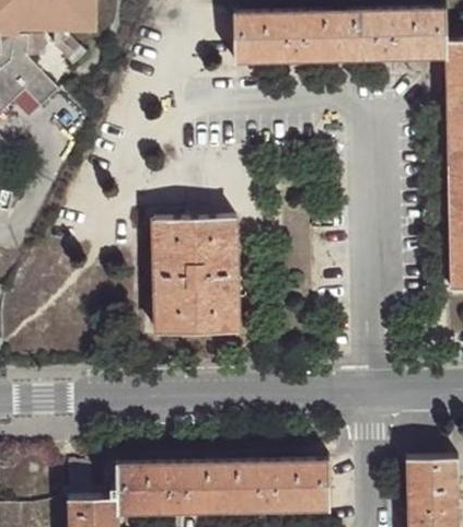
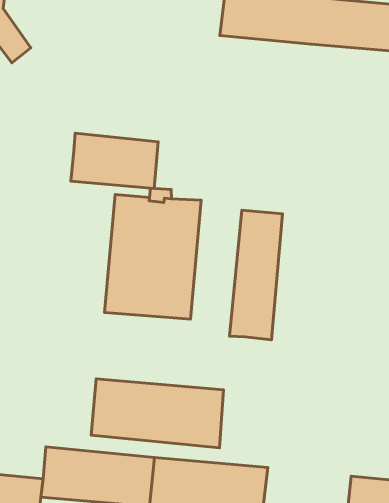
building: none -> [71,133,158,188]
building: none -> [230,210,283,340]
building: none -> [91,379,223,448]

